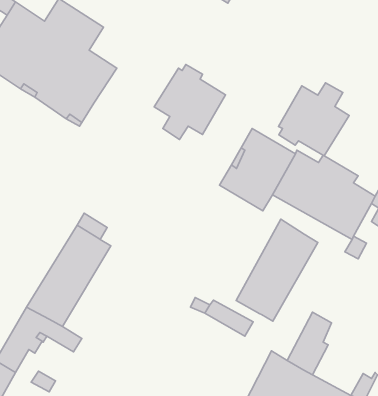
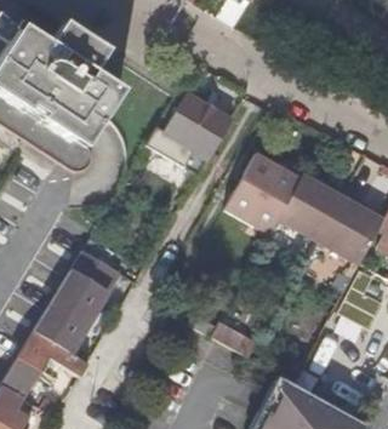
building: [279,83,349,156] -> none
building: [236,219,318,321] -> none

